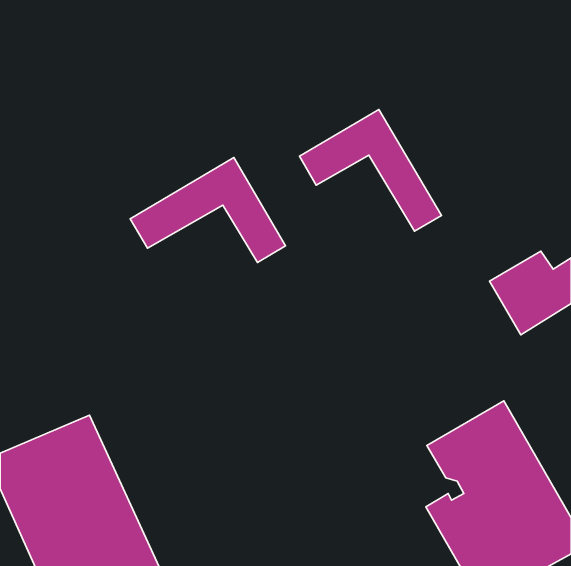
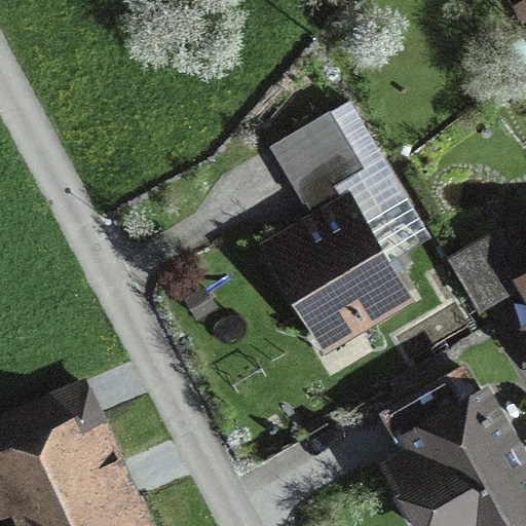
building: [130,158,285,263] -> none
building: none -> [269,204,405,334]

